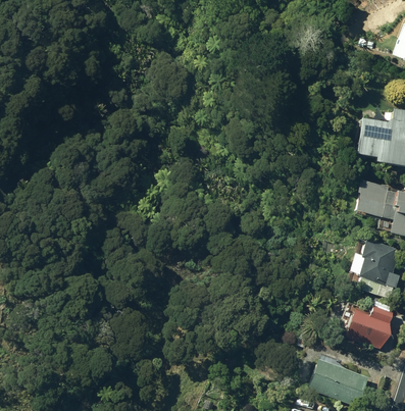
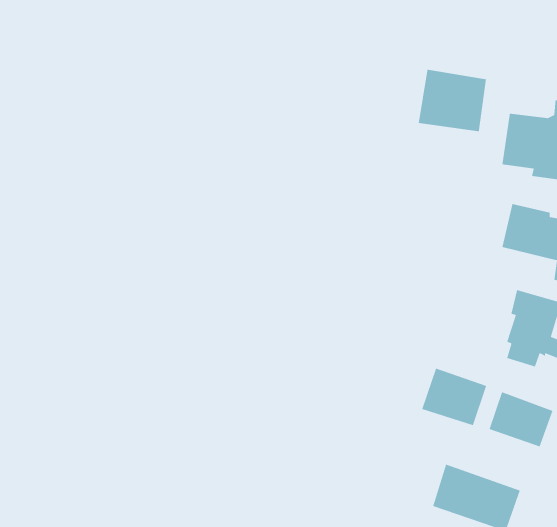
building: none -> [418,69,487,132]
building: none -> [421,367,487,426]

